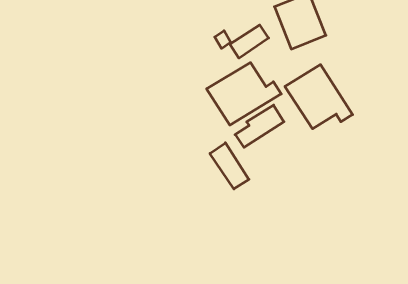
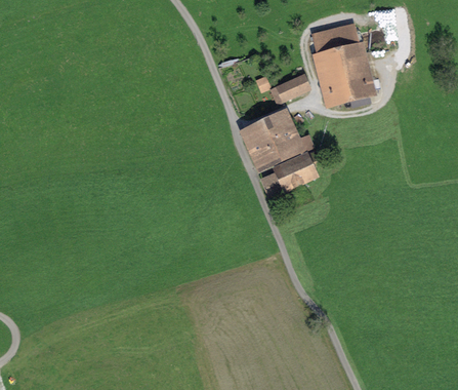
building: [285,65,353,129] -> none
building: [210,143,249,189] -> none

